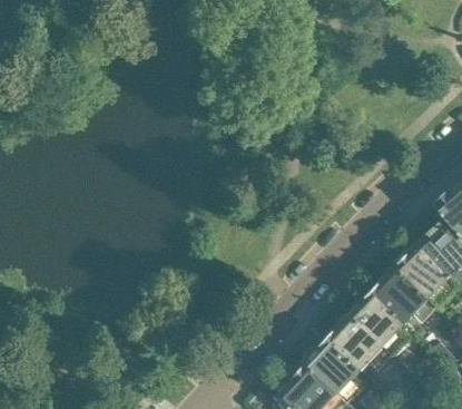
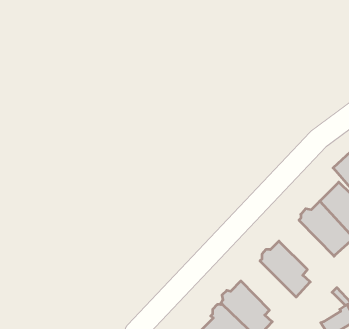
building: [373,264,438,322] -> none
building: [328,312,393,370] -> none

